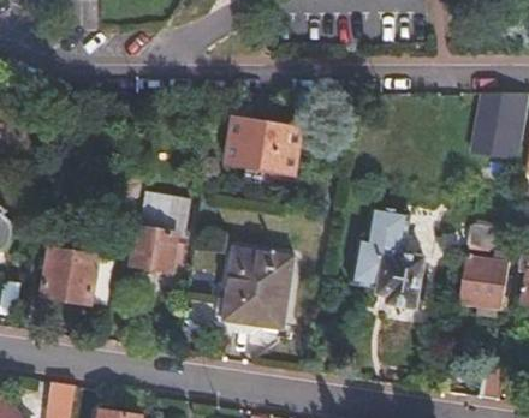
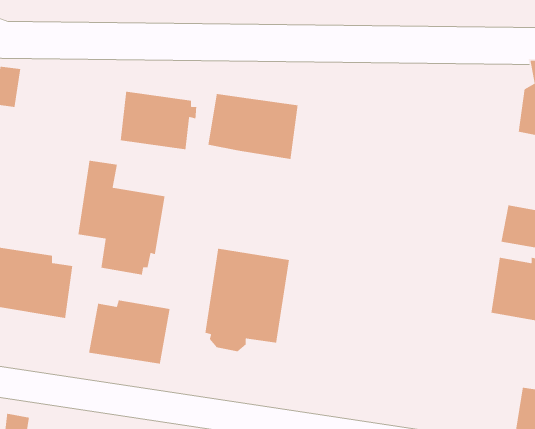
building: none -> [120,91,197,150]
building: [350,205,423,309] -> none
building: none -> [88,300,170,365]

